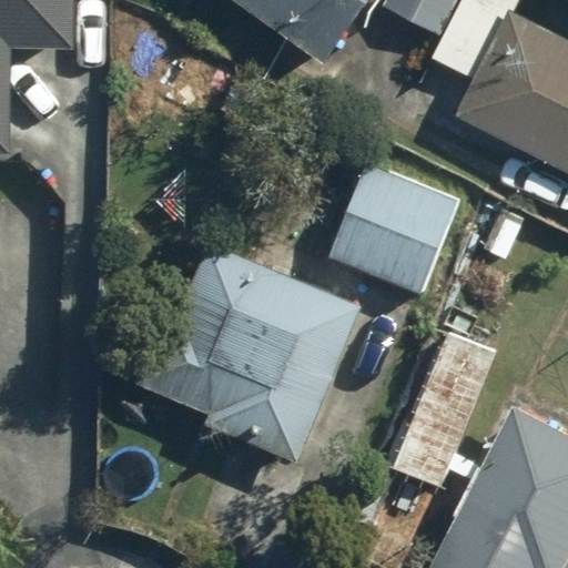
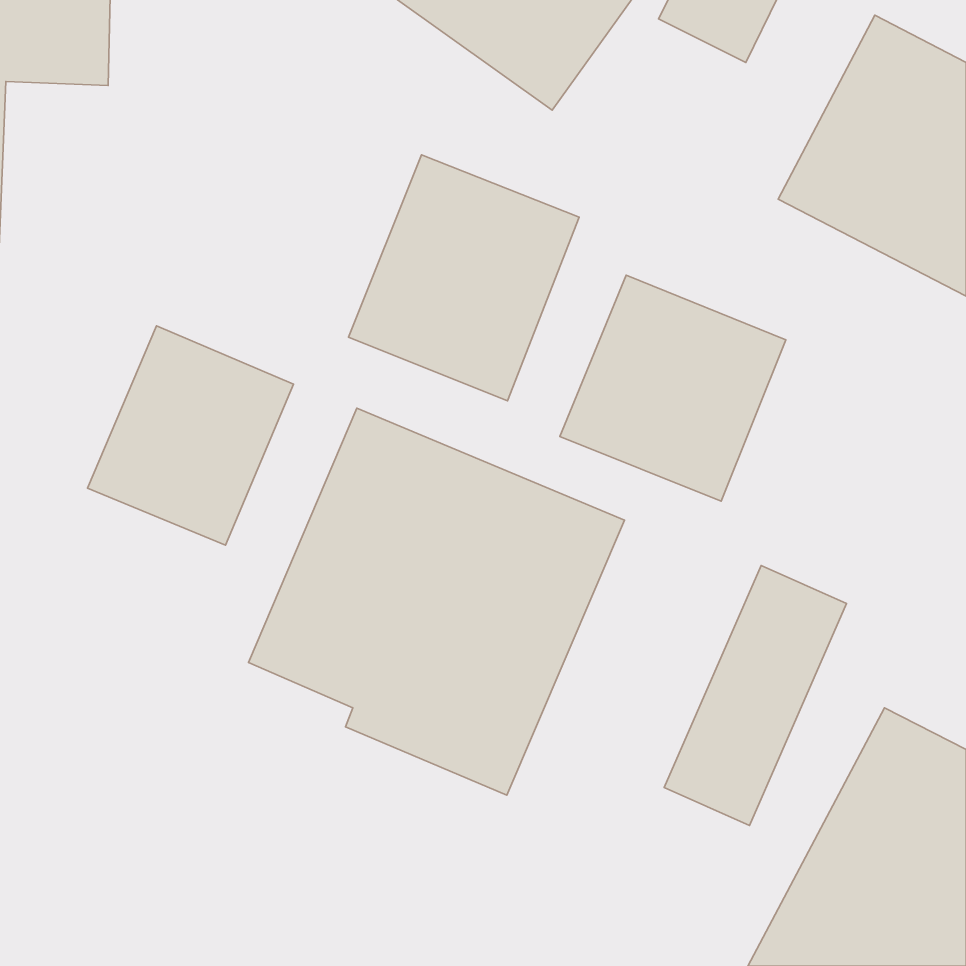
building: none -> [349,155,579,401]
building: none -> [87,326,293,545]

